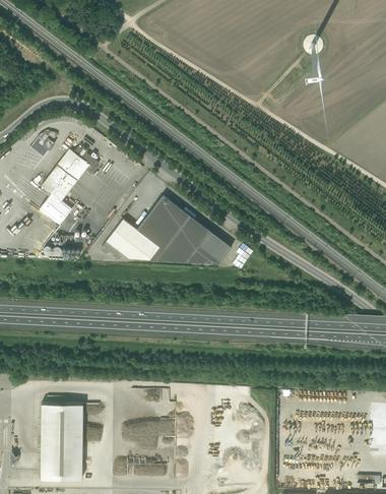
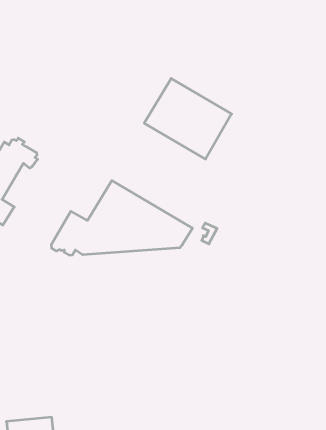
building: none -> [144,78,232,159]

